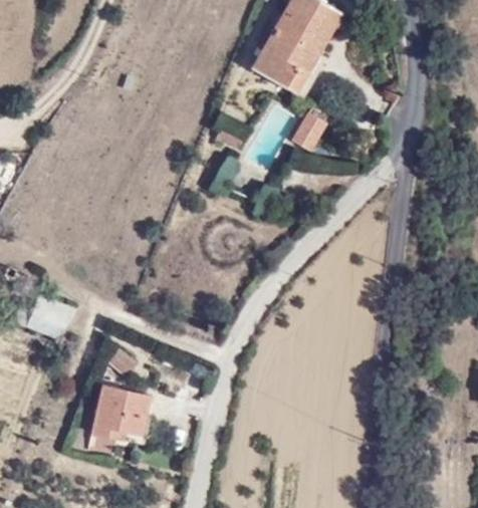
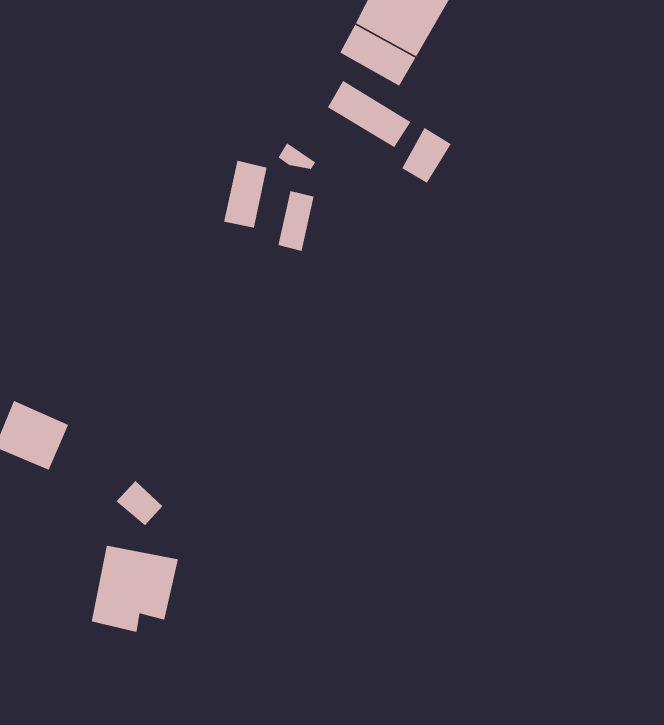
building: none -> [327,80,411,148]
building: none -> [223,160,267,228]

